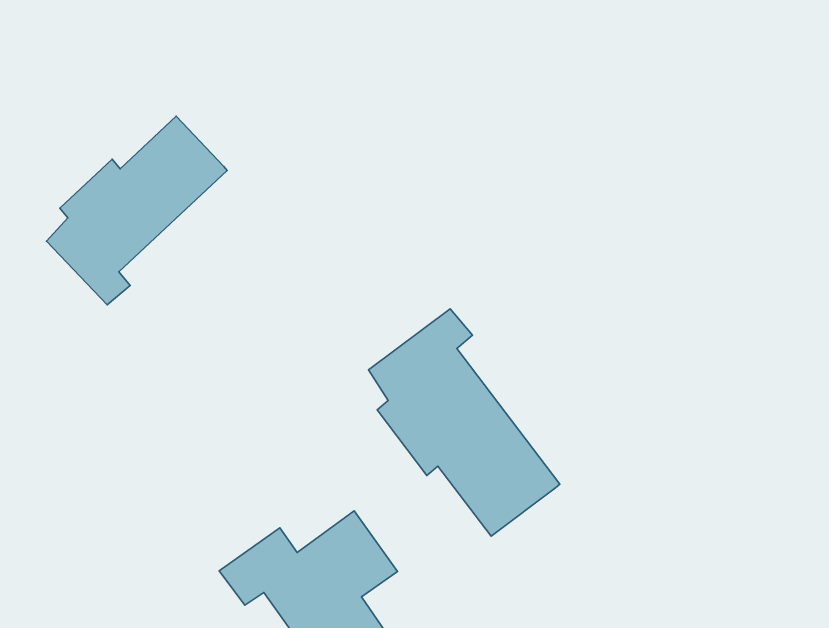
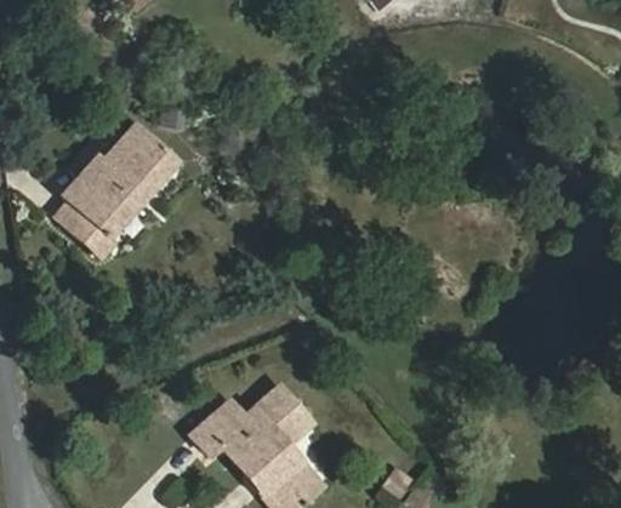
building: [368,309,560,536] -> none

